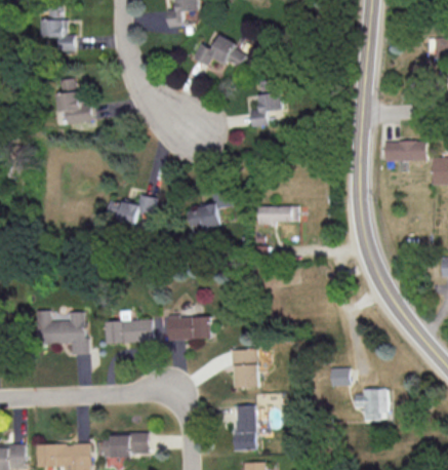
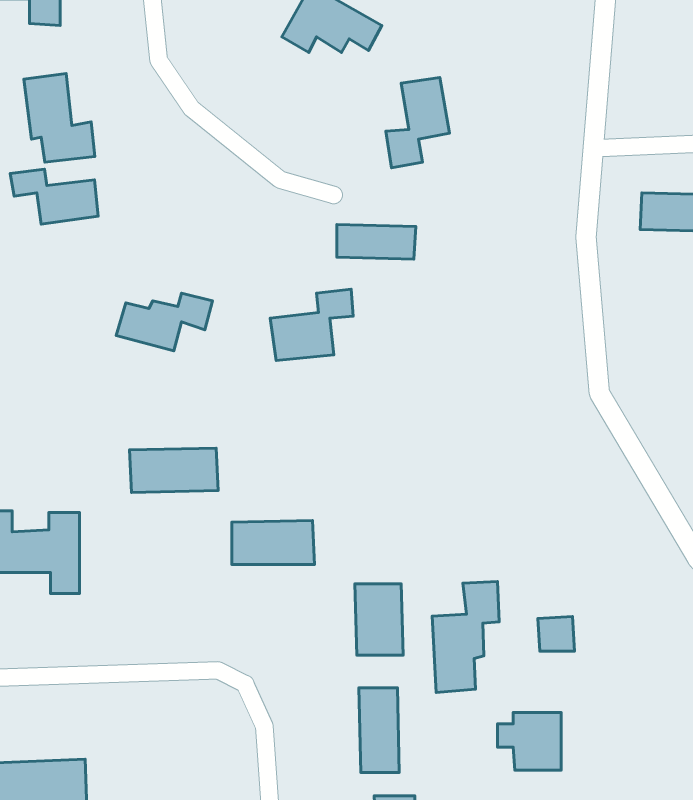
building: none -> [10,169,98,224]
building: [256,205,298,224] -> [337,224,416,259]
building: [106,320,153,344] -> [130,448,218,492]
building: none -> [432,581,499,692]
building: [354,389,388,420] -> [498,712,561,770]
building: [103,433,148,458] -> none

